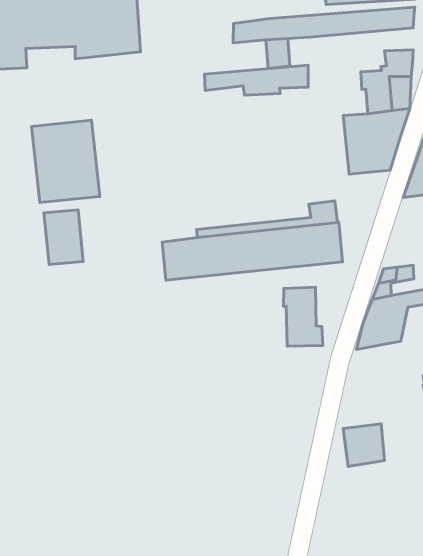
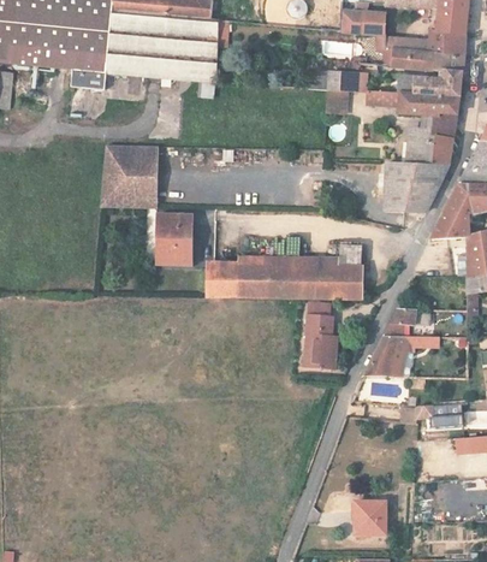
building: [204,65,308,95] -> [361,95,453,120]
building: [44,210,83,265] -> [164,214,195,261]
building: [343,424,385,467] -> [354,498,387,532]

